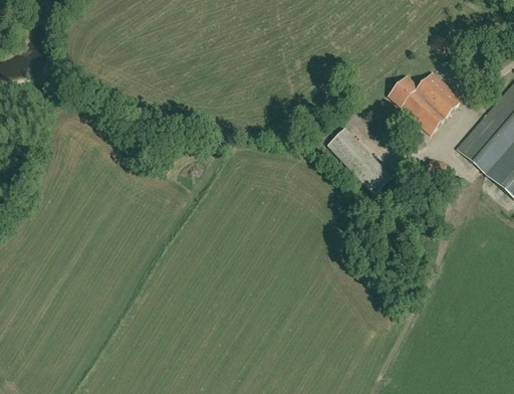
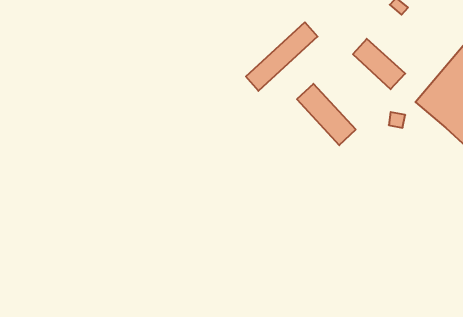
building: none -> [246,22,318,91]
building: [404,72,462,117] -> none

